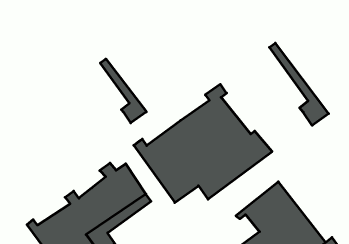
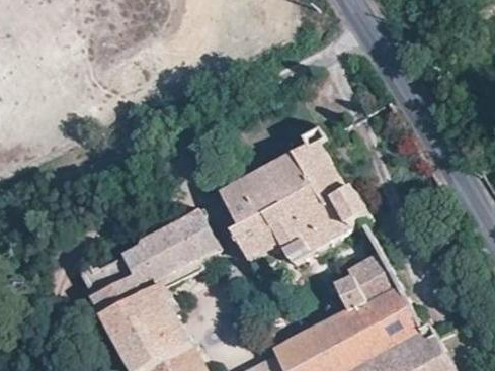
building: [269,43,329,125] -> none
building: [100,59,146,123] -> none

